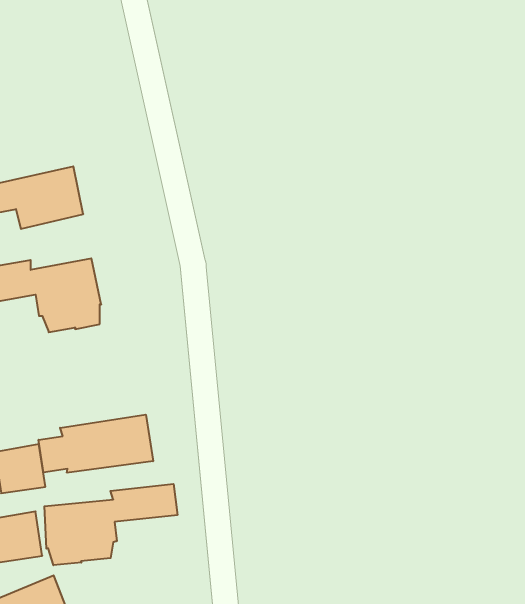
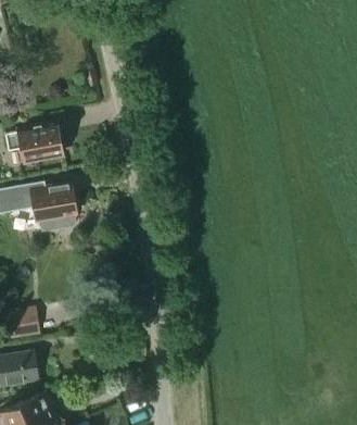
building: [39,415,153,473] -> none
building: [44,484,177,565] -> none

